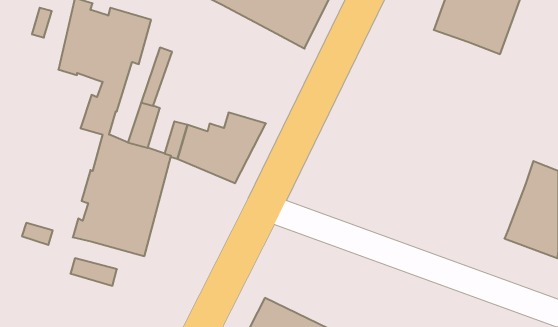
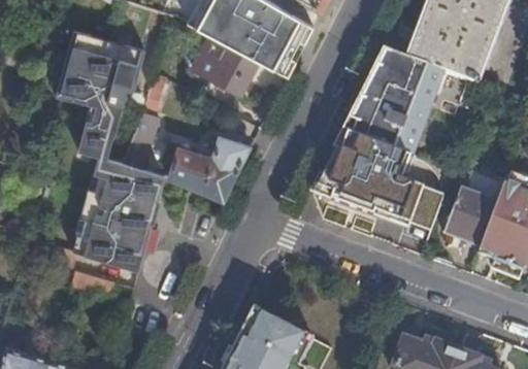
building: none -> [193,34,258,93]
building: none -> [344,48,441,155]
building: none -> [312,145,443,235]
building: none -> [440,189,495,245]

